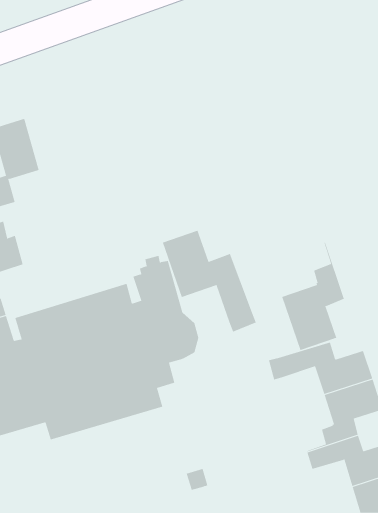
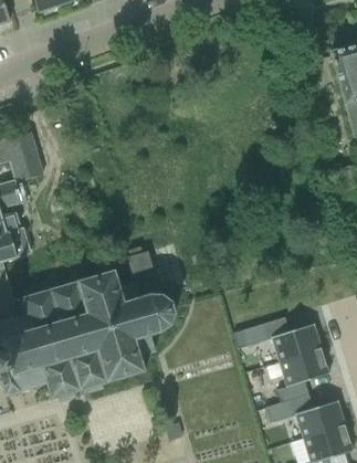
building: [162,228,257,333] -> none
building: [282,242,344,351] -> none

